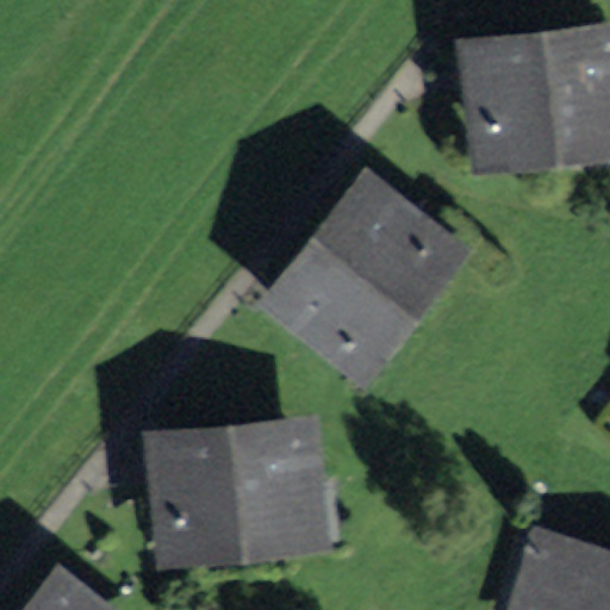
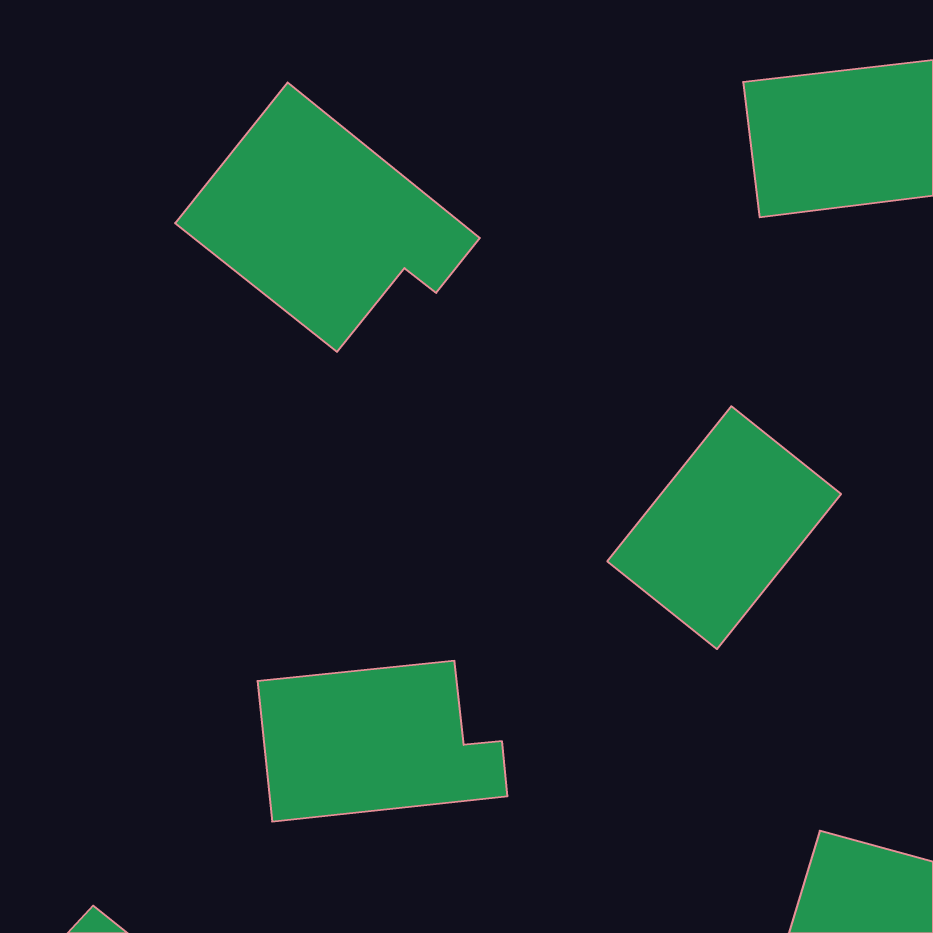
building: none -> [175,82,480,352]
building: [287,192,440,350] -> [607,406,841,649]

